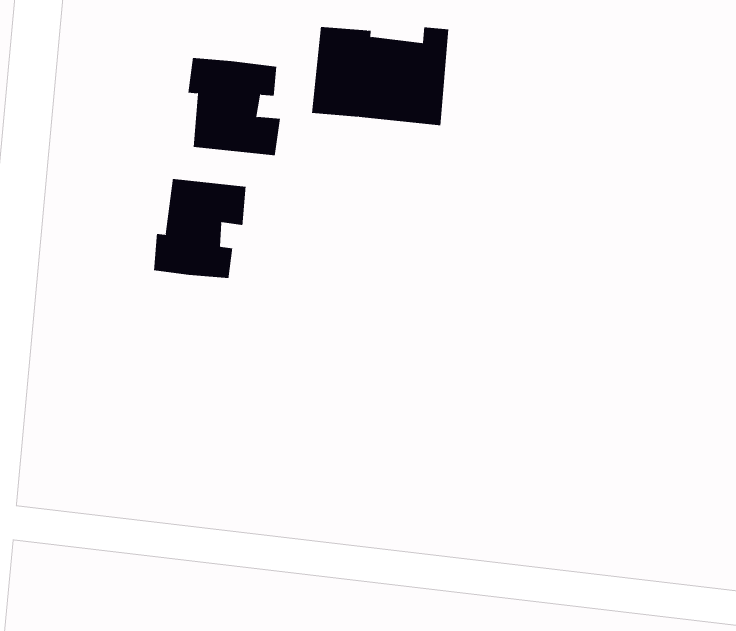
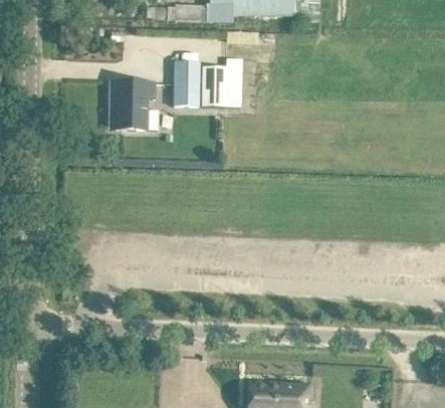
building: [153,178,246,279] -> none

